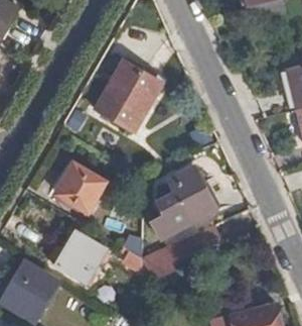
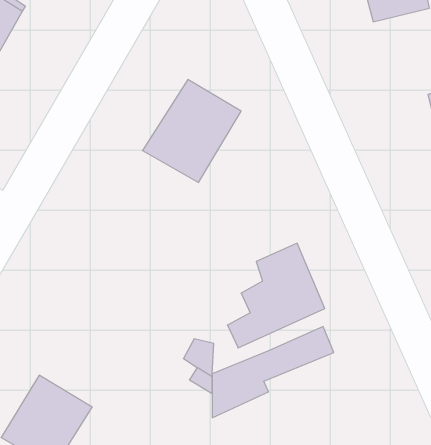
building: [55,164,106,212] -> none
building: [51,229,109,281] -> none

